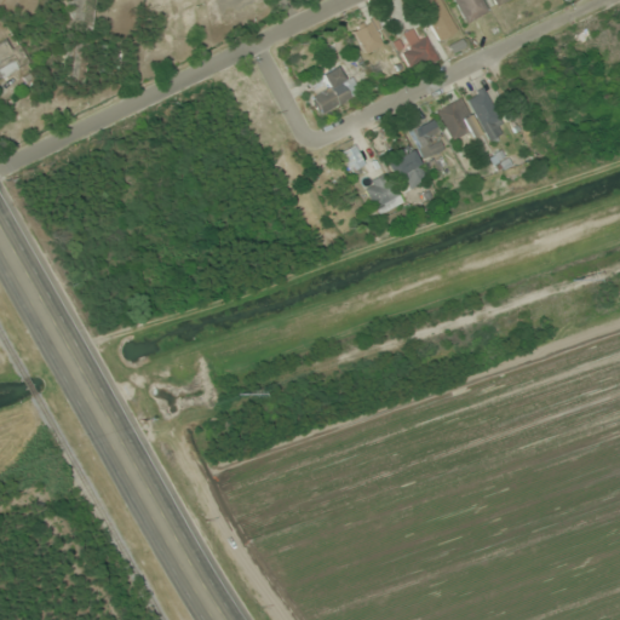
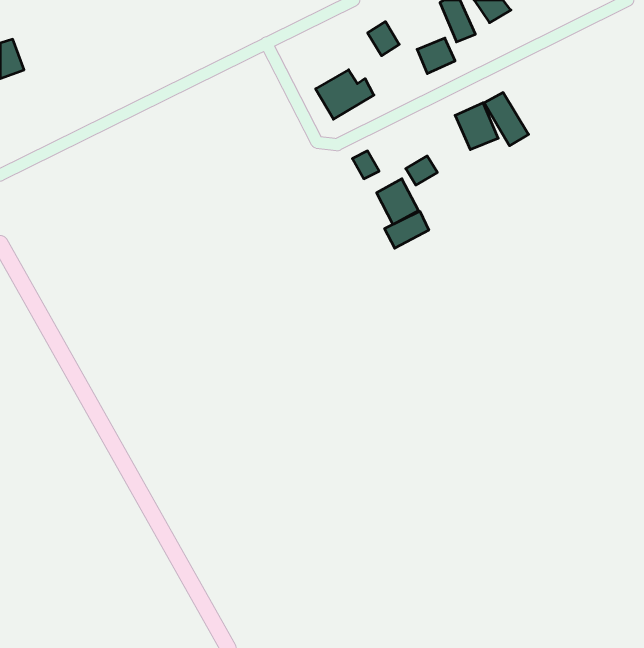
building: [414,124,444,156] -> none
building: none -> [385,211,429,248]

